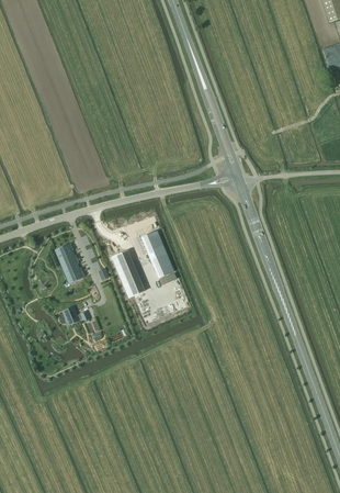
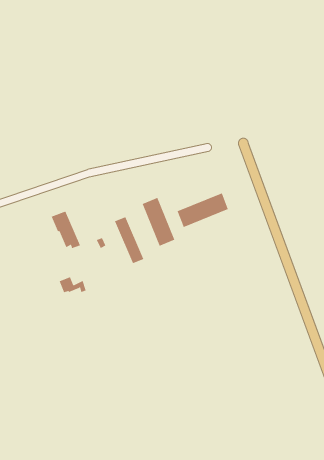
building: none -> [177,193,229,228]

